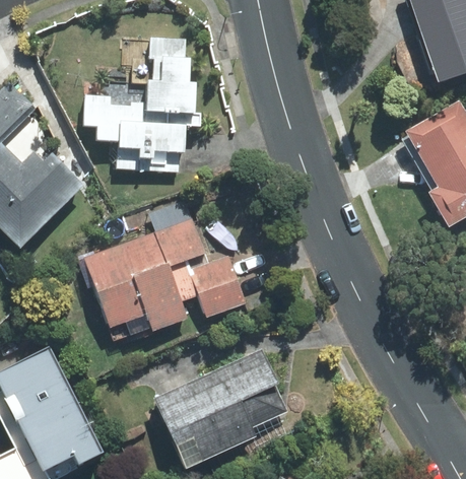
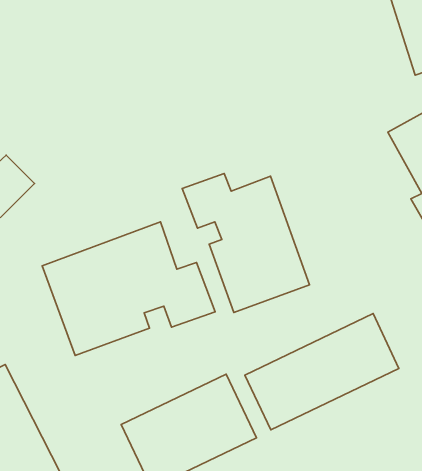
building: [96,38,192,166] -> none
building: none -> [182,174,310,313]
building: none -> [245,314,399,430]

